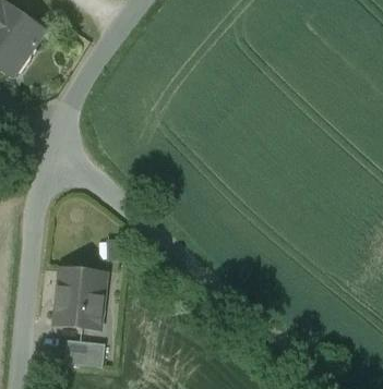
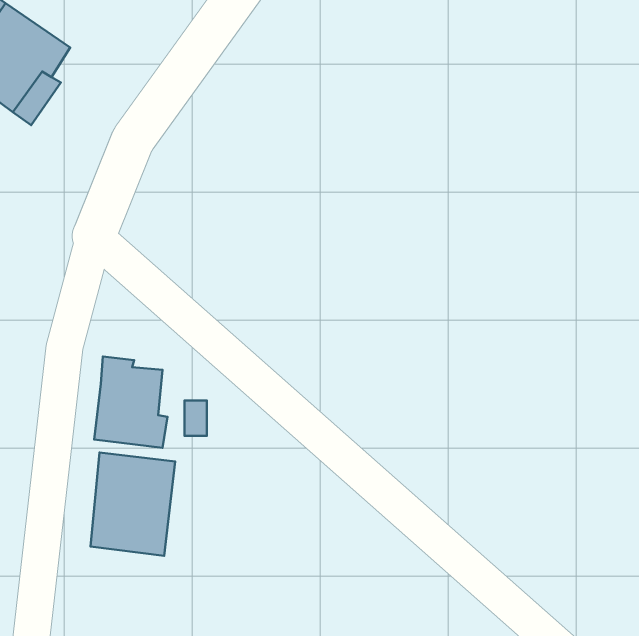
building: none -> [94,356,168,448]
building: [63,339,105,366] -> none

